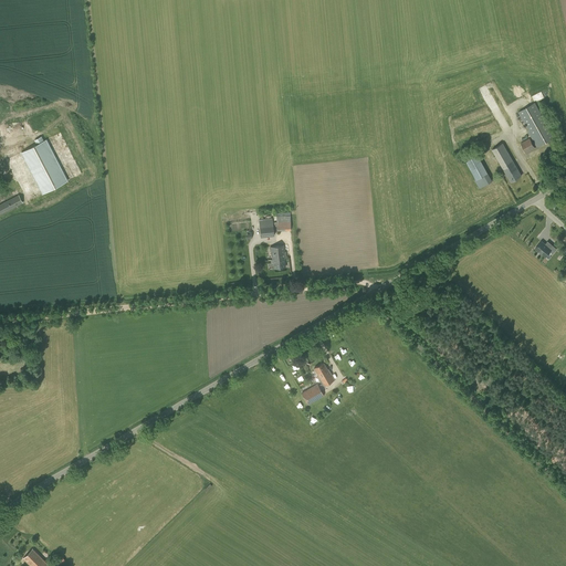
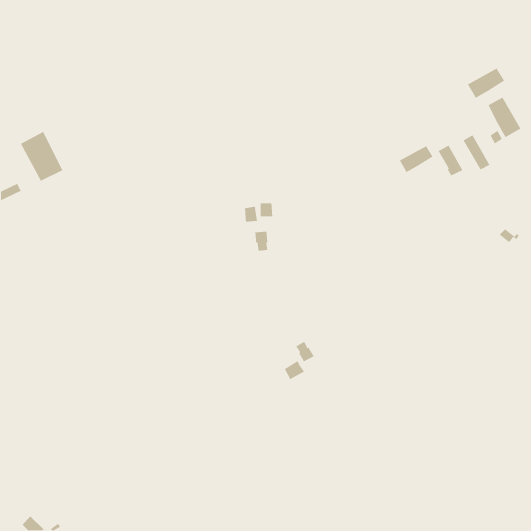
building: none -> [467,67,505,99]
building: none -> [399,145,434,173]

